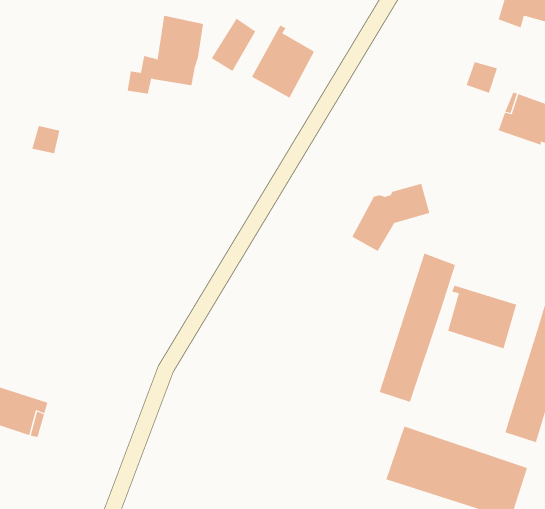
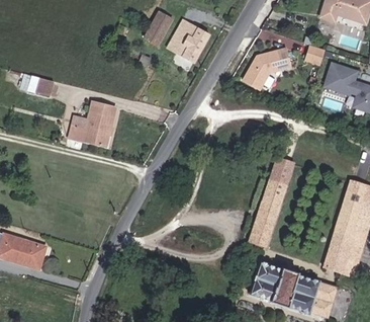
building: [127,15,204,94] -> [70,102,116,150]
building: [351,183,430,252] -> [239,44,286,85]
building: [447,285,517,349] -> none

